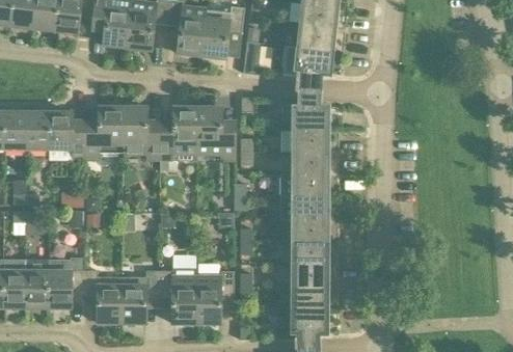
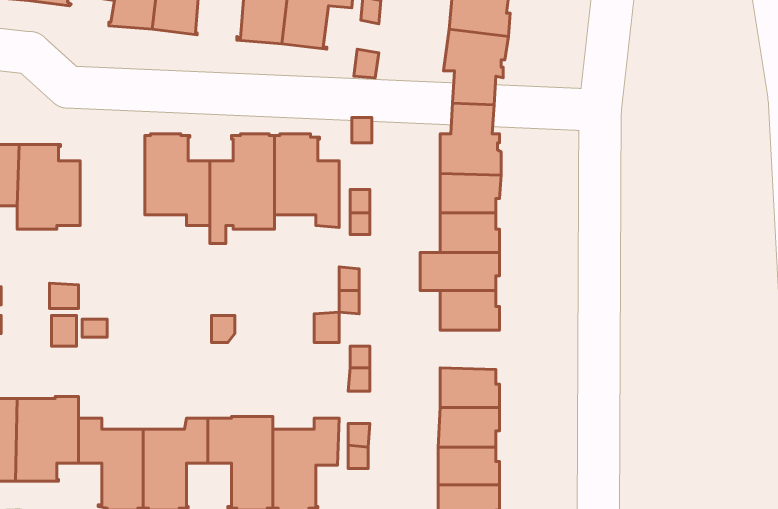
building: [84,106,122,159] -> none
building: [292,219,326,242] -> none

